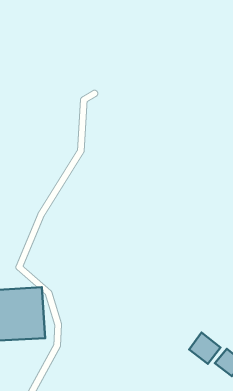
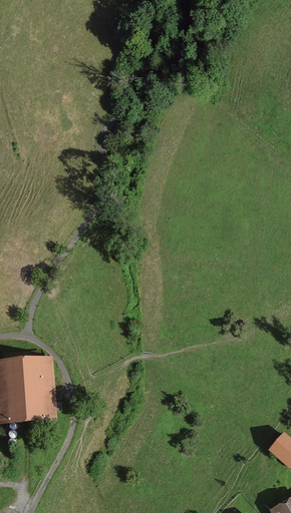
building: [189,332,221,364] -> none

